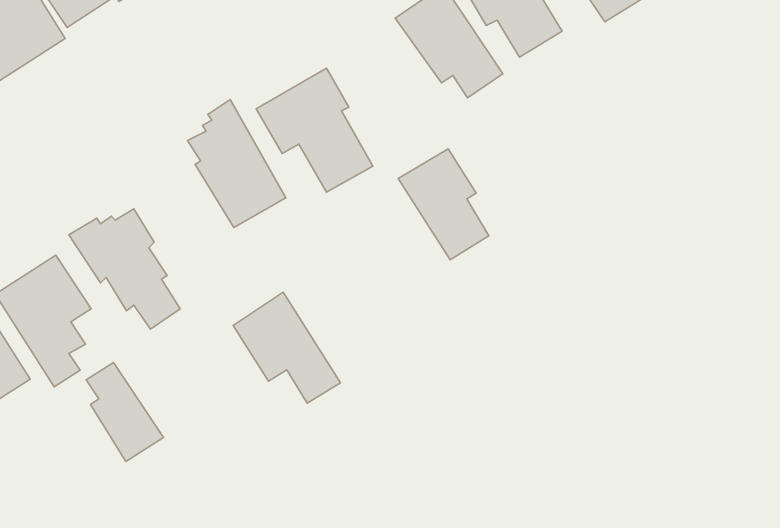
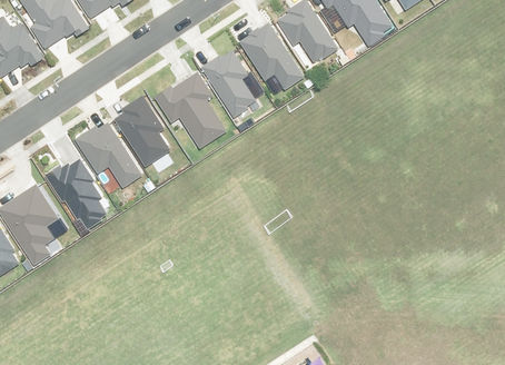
building: [398,149,489,260] -> [202,50,257,117]
building: [233,292,341,403] -> [77,121,141,188]
building: [86,362,163,462] -> none

